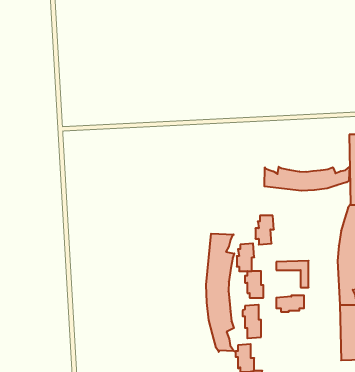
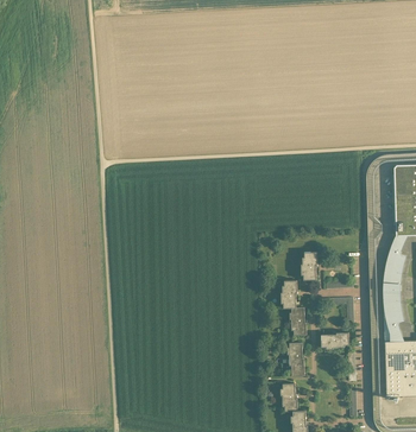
building: [264,167,350,191] -> none
building: [206,234,234,352] -> none

